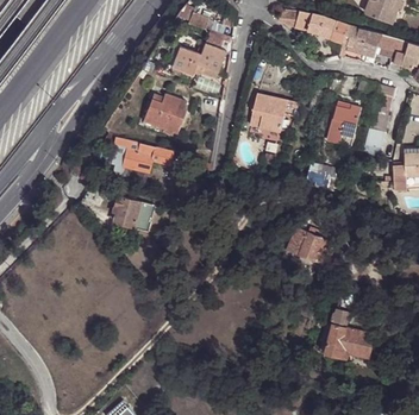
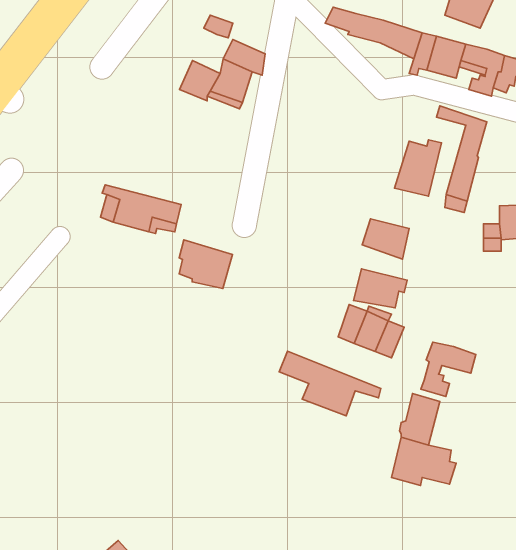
building: [143,94,186,136] -> none
building: [246,94,295,133] -> none
building: [113,195,152,231] -> [179,240,232,288]
building: none -> [353,269,407,308]
building: none -> [421,342,476,396]
building: none -> [279,351,381,416]

